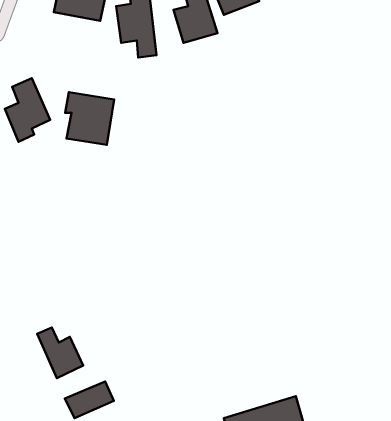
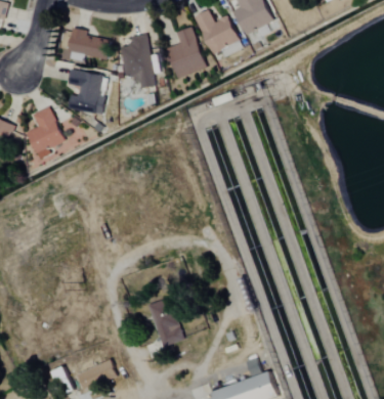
building: [65,92,114,145] -> [67,70,108,114]
building: none -> [147,298,182,347]
building: [37,328,83,378] -> none

